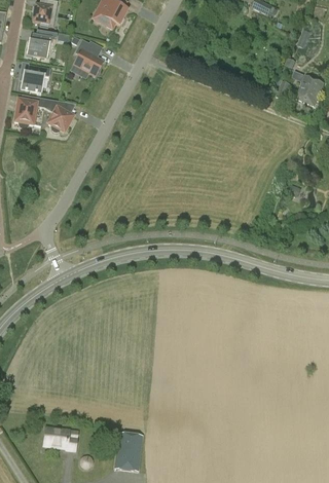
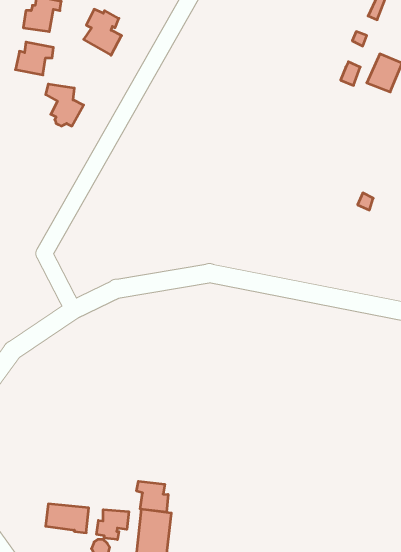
building: [14,96,45,127] -> none
building: none -> [137,481,168,512]
building: none -> [97,510,129,540]

